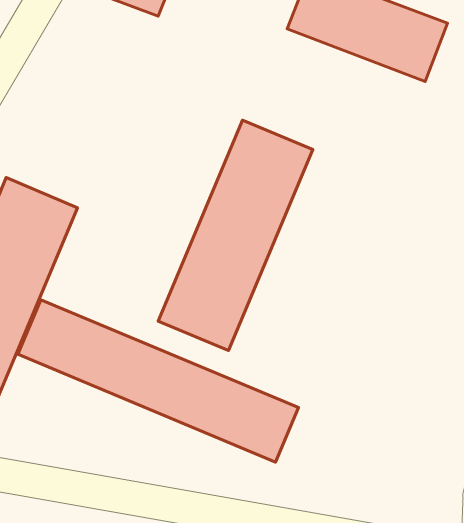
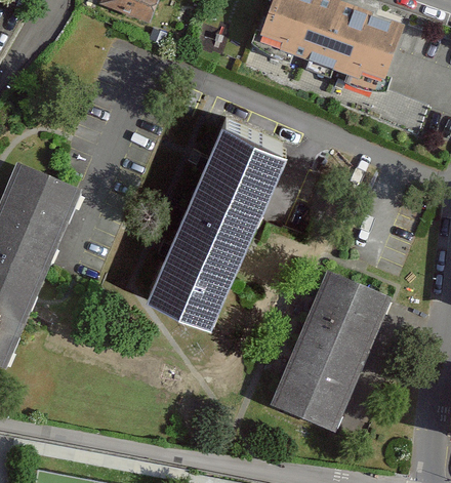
building: none -> [271,272,389,433]
building: [18,300,299,462] -> none

